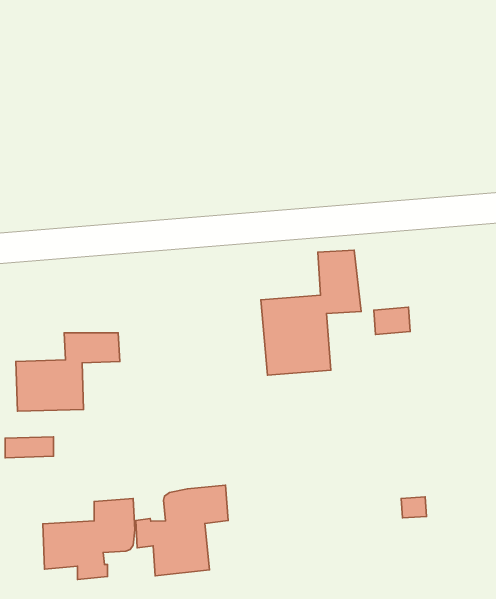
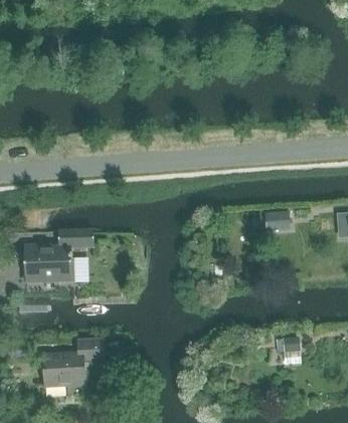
building: [261,250,361,375] -> none
building: [136,485,228,576] -> none

